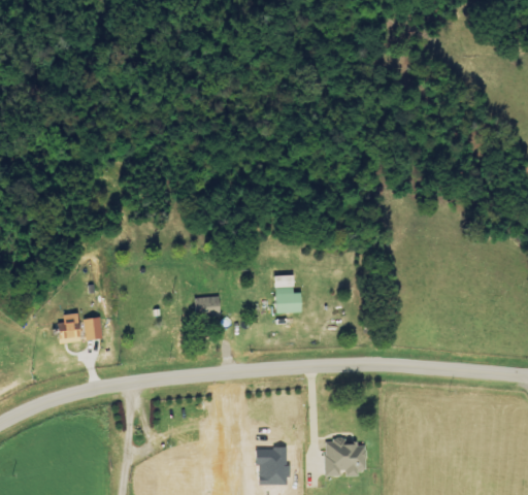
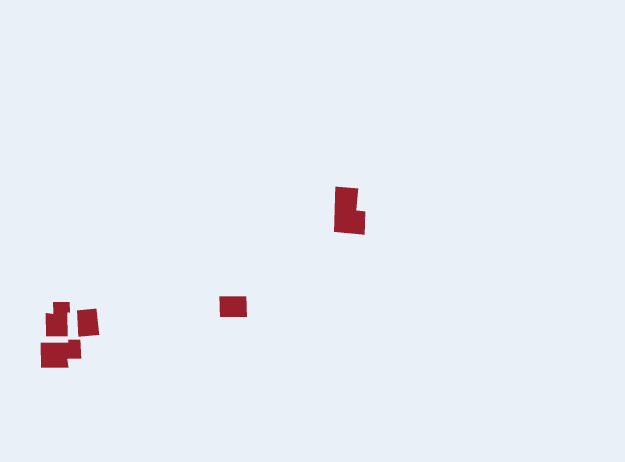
building: [274,275,302,312] -> [333,186,366,235]
building: none -> [40,339,82,369]

